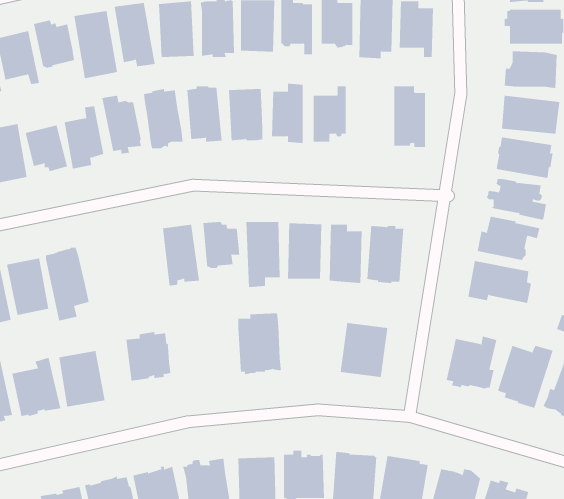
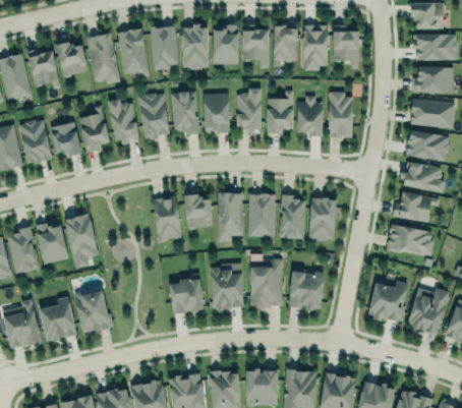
building: none -> [296,97,323,136]
building: none -> [250,258,283,307]
building: [125,331,171,381] -> [169,277,204,314]

